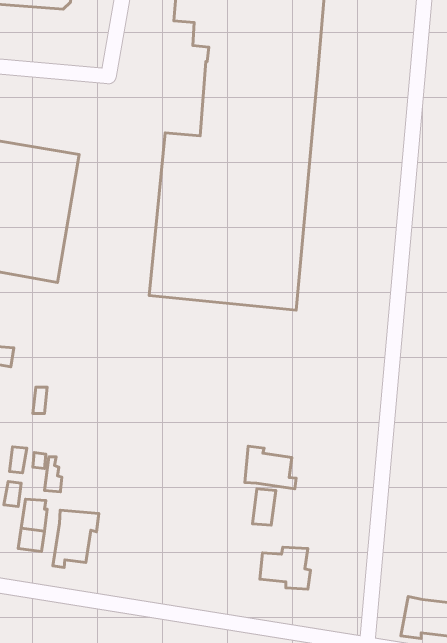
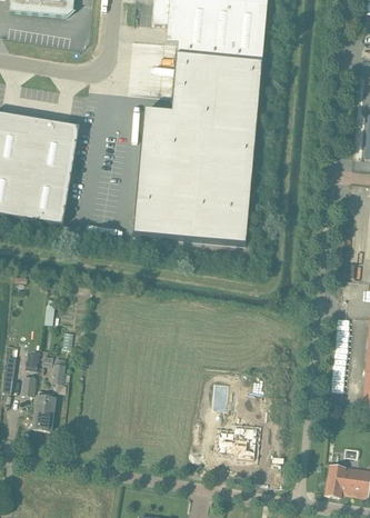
building: [245,446,296,489] -> none
building: [53,510,99,568] -> none

